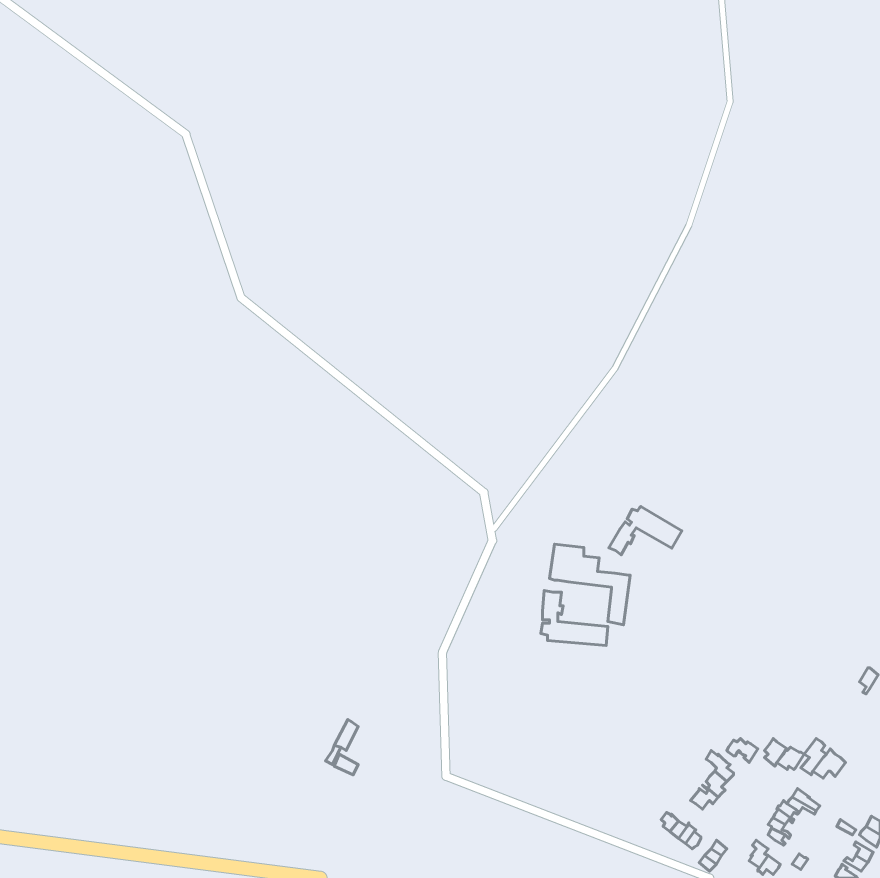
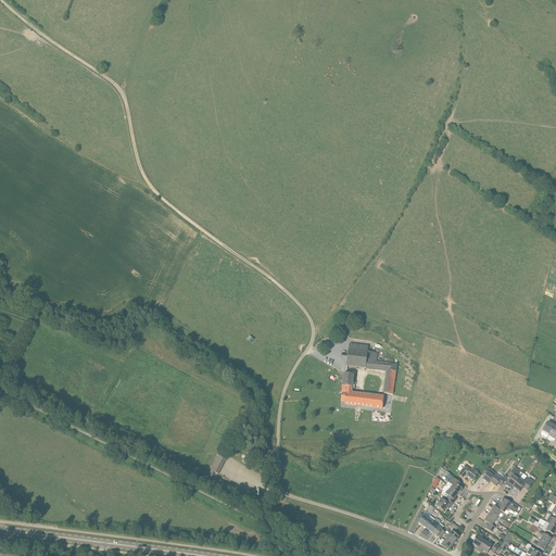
building: [609,506,682,555] -> none

